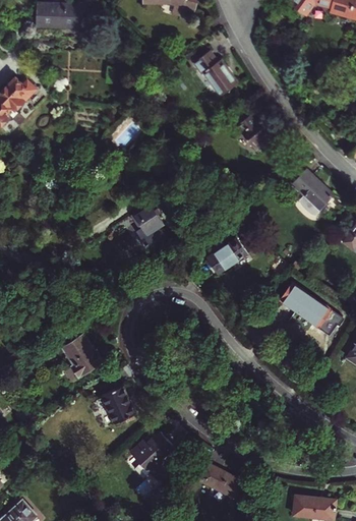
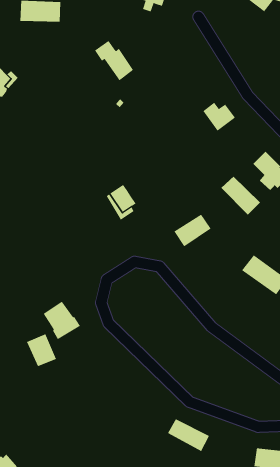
building: [193,50,237,95] -> [94,40,134,81]
building: none -> [221,176,261,216]
building: [102,386,135,422] -> [26,333,57,367]
building: [129,431,174,477] -> none

